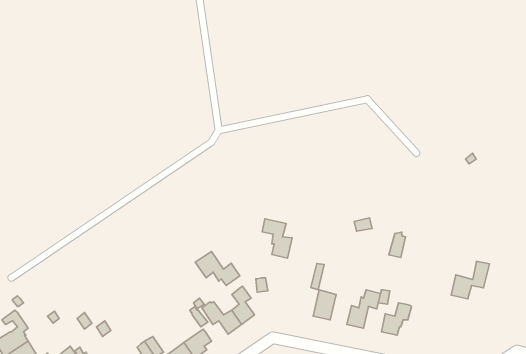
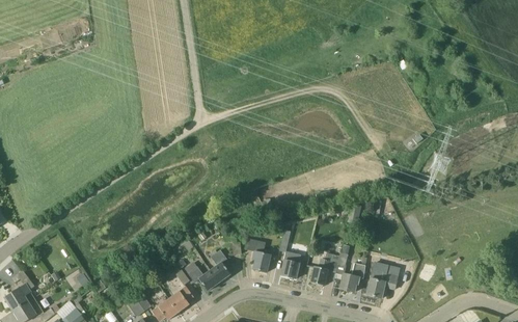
building: [262,219,292,258] -> [245,237,271,271]
building: [195,251,240,286] -> none
building: [451,262,490,299] -> [366,265,400,297]

